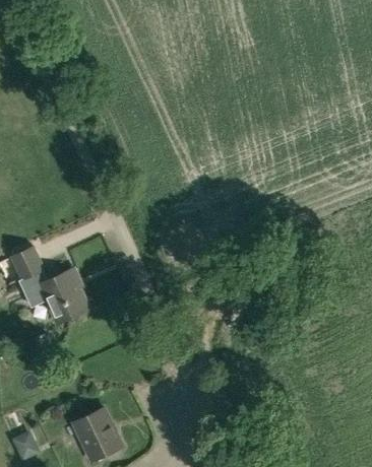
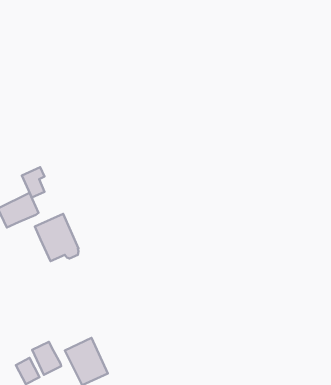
building: [20,270,46,304] -> [22,167,45,197]
building: none -> [32,342,61,375]

